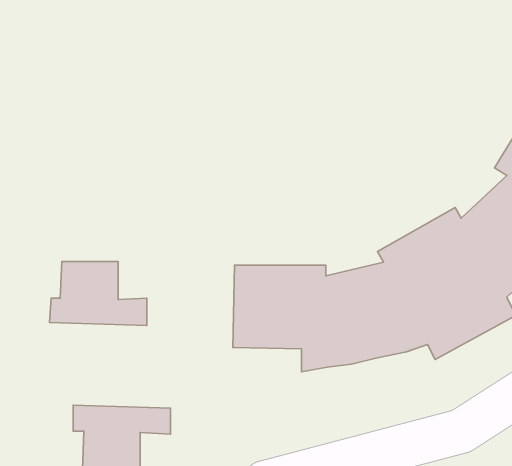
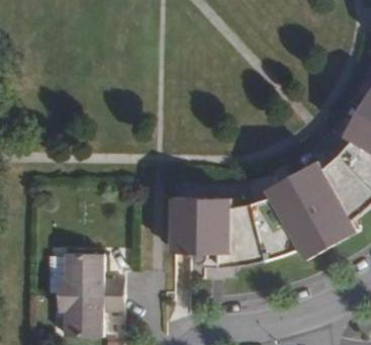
building: [50,262,147,325] -> [59,253,123,295]

